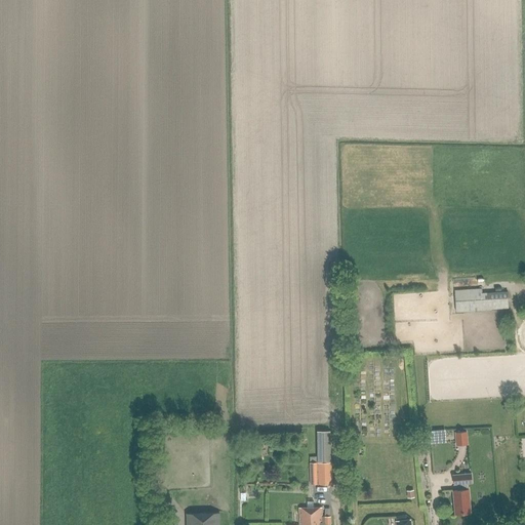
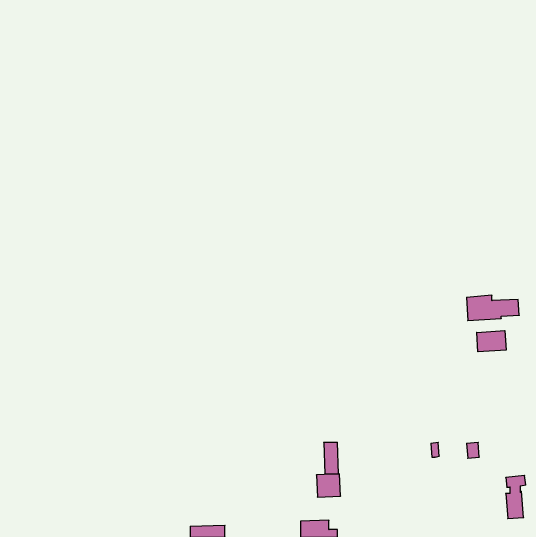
building: none -> [477,331,506,352]
building: [452,473,472,515] -> [506,475,526,519]

